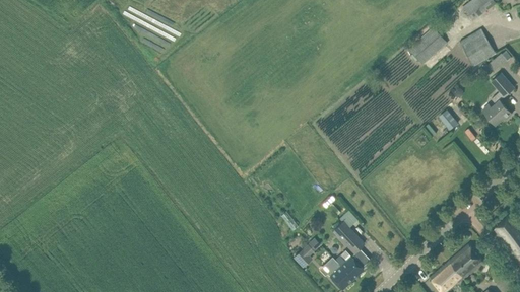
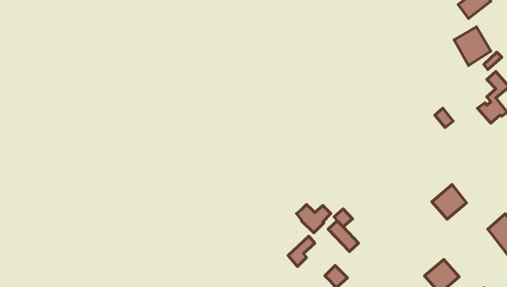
building: [408,25,448,64] -> none
building: [449,243,483,278] -> [432,185,466,219]
building: [335,250,370,279] -> [296,204,331,233]

